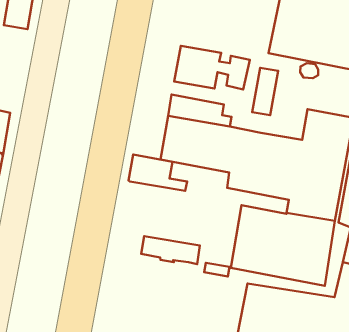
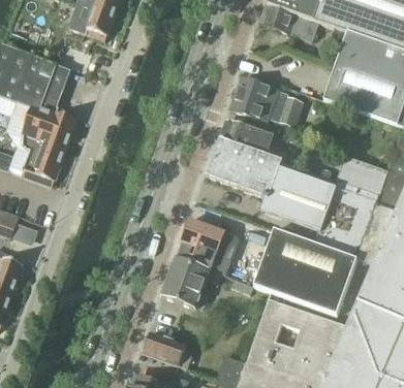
building: [252,68,278,115] -> none
building: [128,155,187,191] -> [180,221,232,261]
building: none -> [160,259,217,310]

